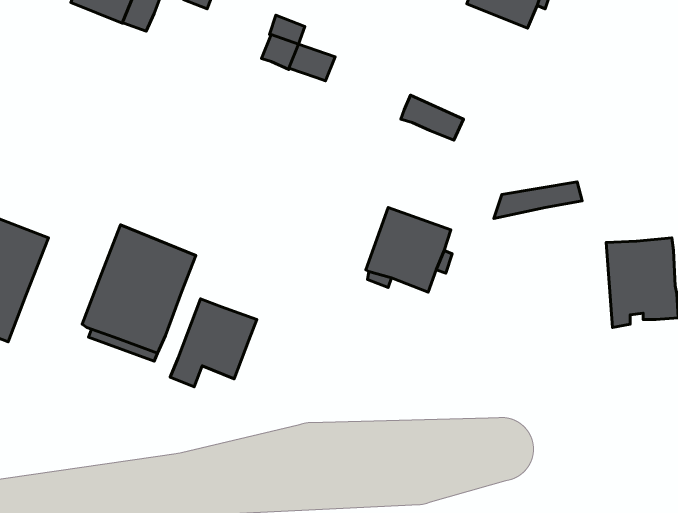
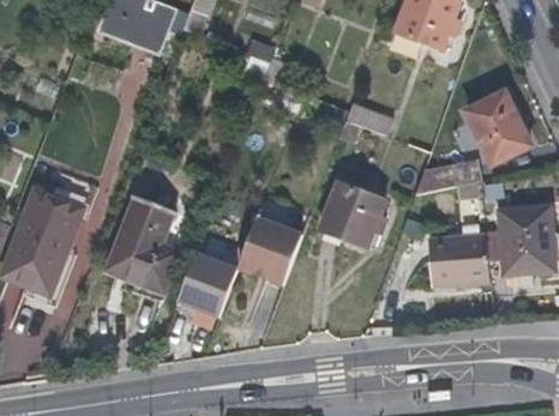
building: none -> [467,92,533,163]
building: none -> [239,217,302,284]
building: none -> [428,231,489,283]

